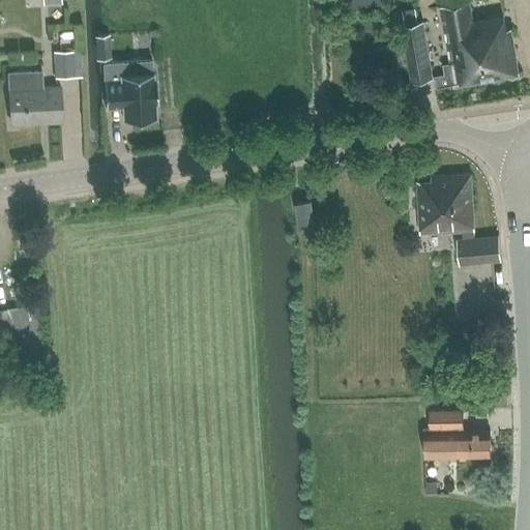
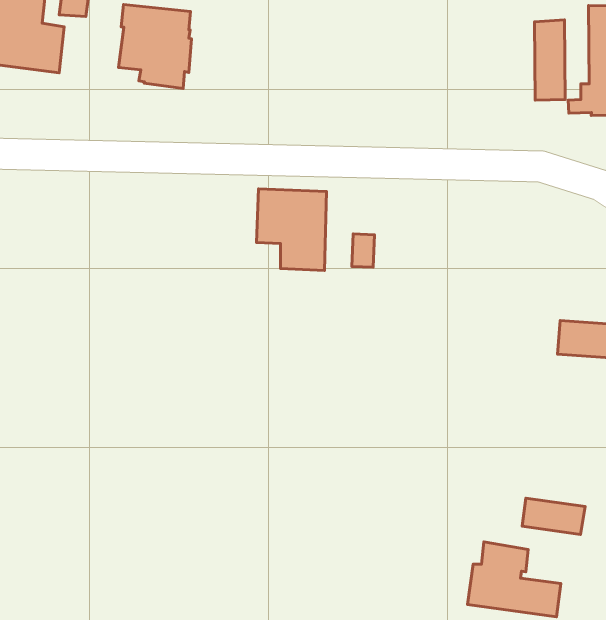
building: [417,175,474,235] -> none
building: none -> [256,189,326,270]
building: none -> [522,498,585,534]

